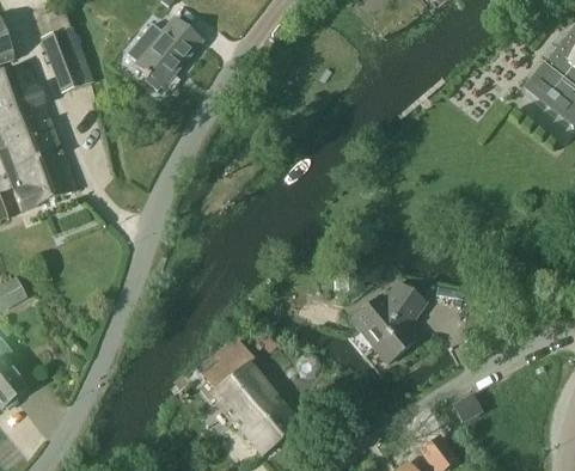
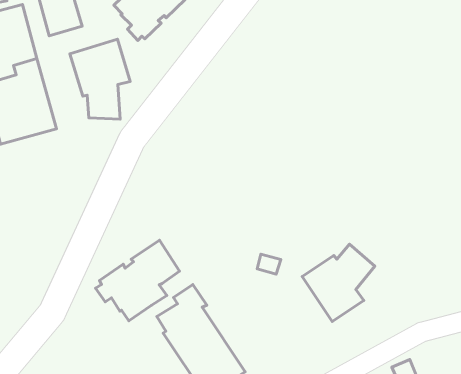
building: none -> [70,39,130,119]
building: none -> [95,240,180,321]

